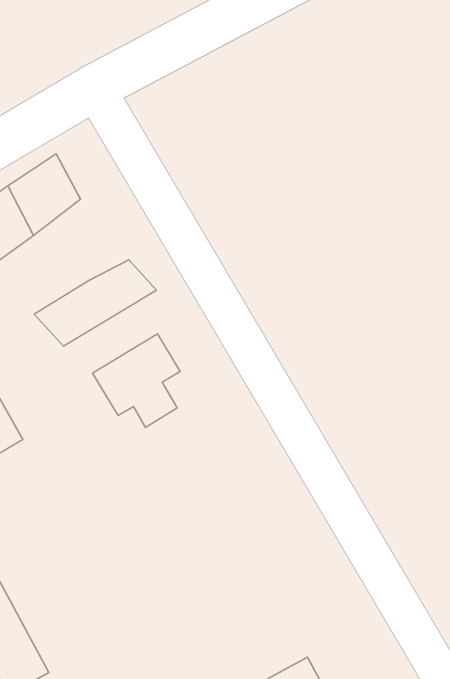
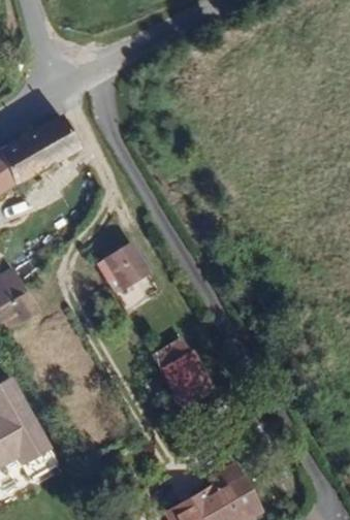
building: [34,260,156,346] -> none
building: none -> [159,348,208,400]

